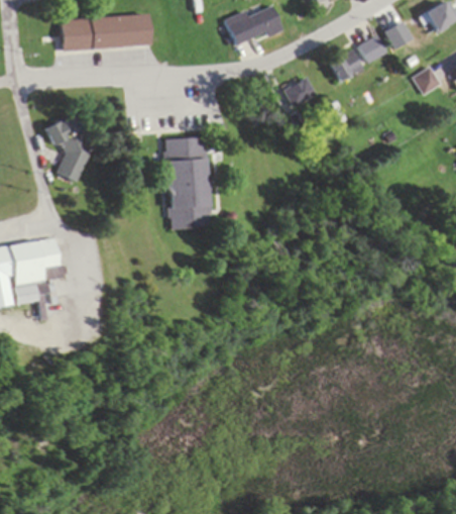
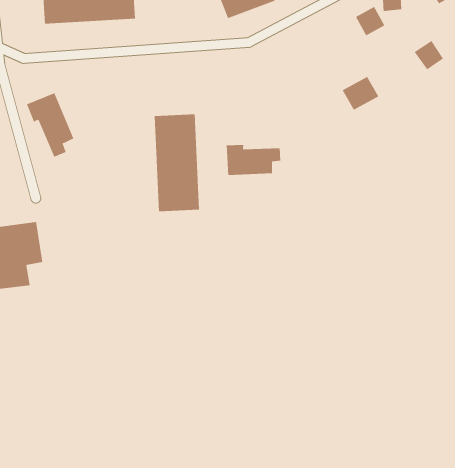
building: [327,49,362,82] -> [342,76,379,110]
building: [282,77,317,111] -> none
building: none -> [226,144,281,176]

